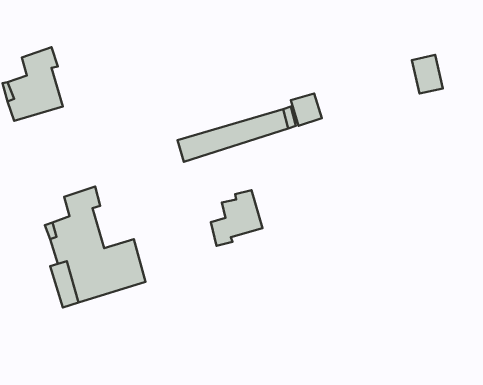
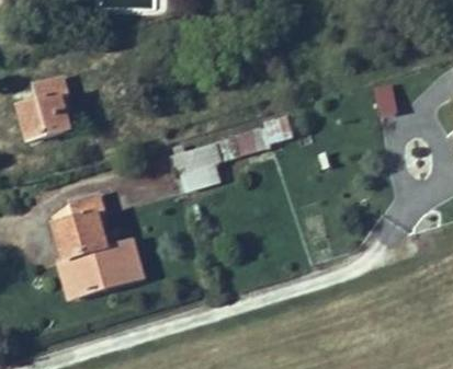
building: [211,190,262,246] -> none

